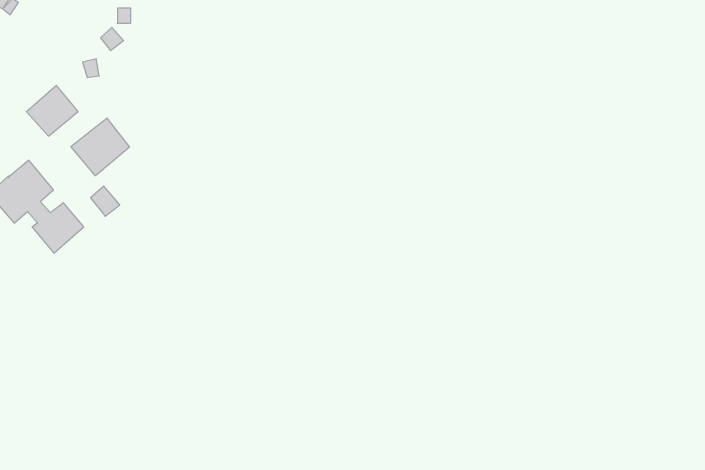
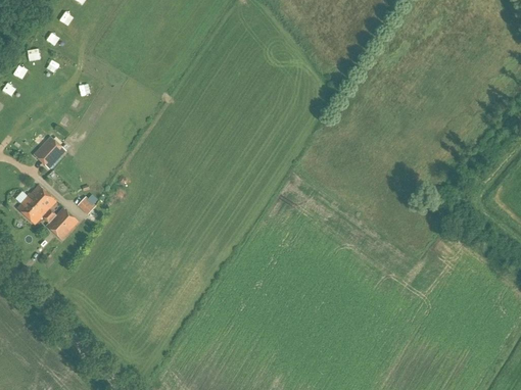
building: [71,118,129,176] -> none

